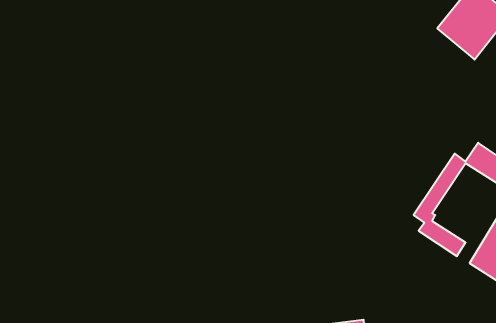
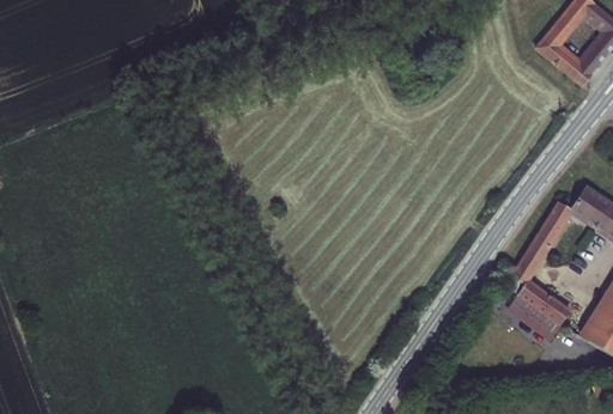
building: none -> [508,294,562,340]

